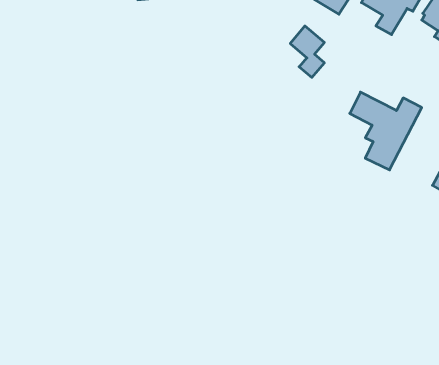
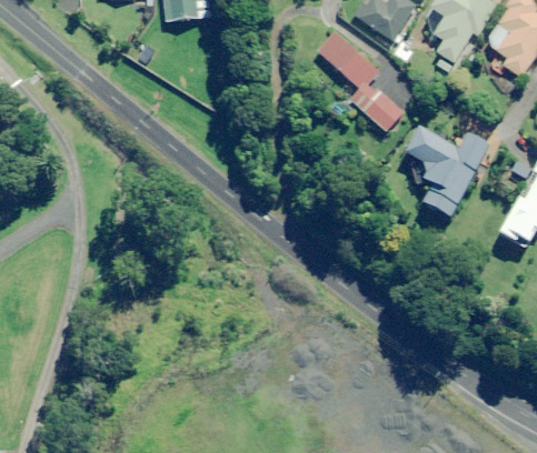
building: none -> [314,30,355,71]
building: none -> [362,89,405,131]

